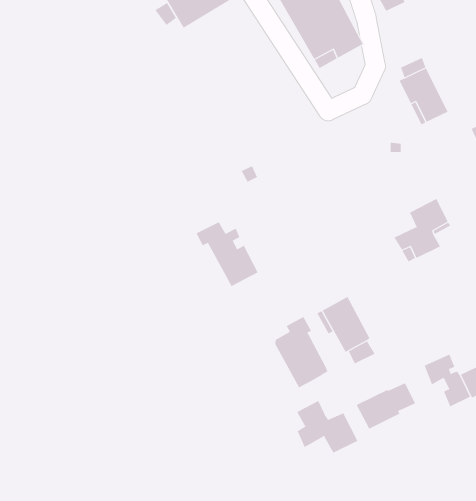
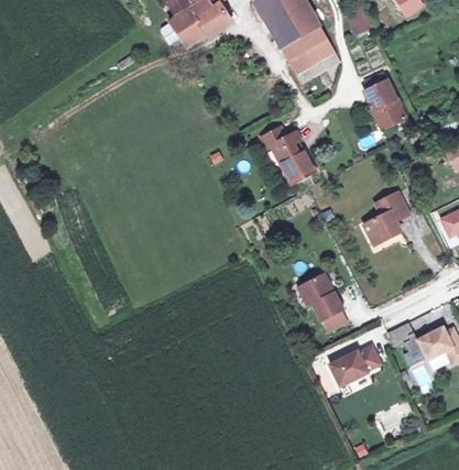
building: [196,221,258,287] -> [261,129,314,184]
building: [275,316,328,388] -> none
building: [297,400,358,454] -> none

